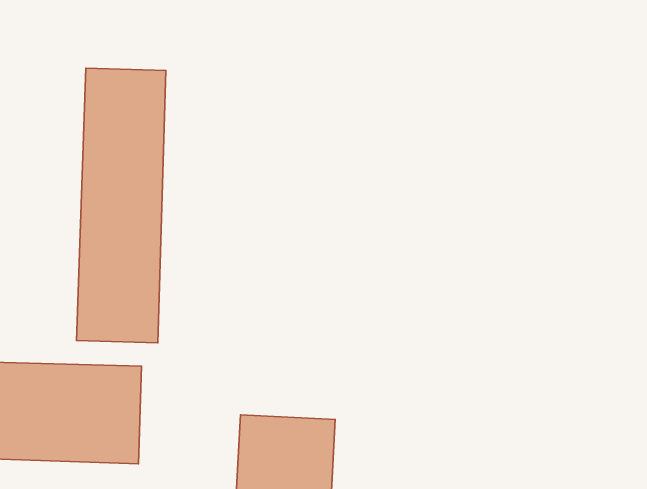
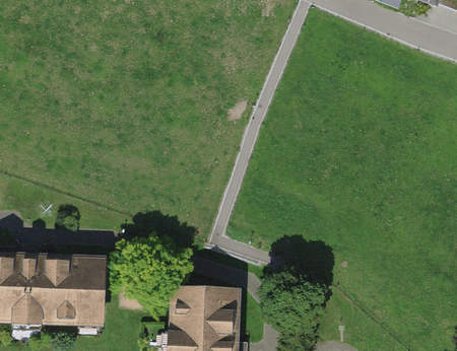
building: [76,68,166,343] -> none

